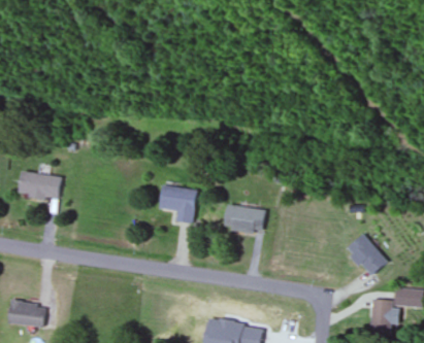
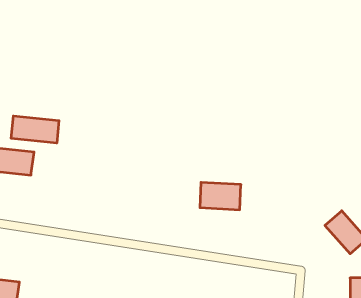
building: none -> [11,116,59,143]
building: [160,185,196,224] -> none

